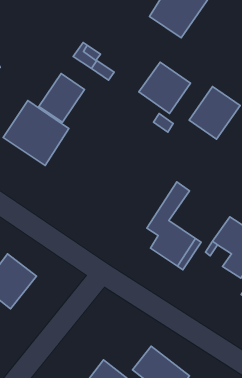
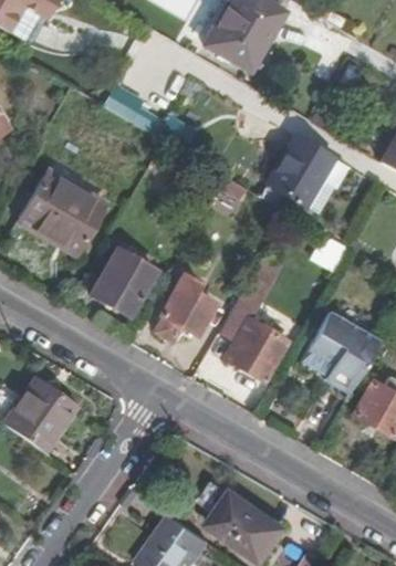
building: [139,62,191,113] -> none
building: [39,74,85,122] -> none
building: none -> [92,248,156,315]
building: none -> [155,275,213,342]

